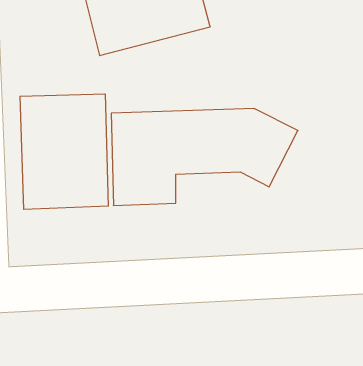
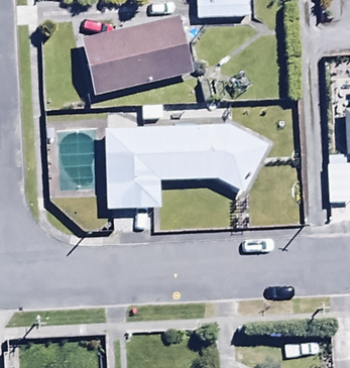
building: [20,94,108,209] -> none

